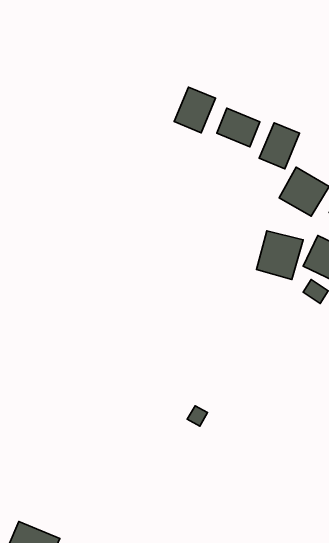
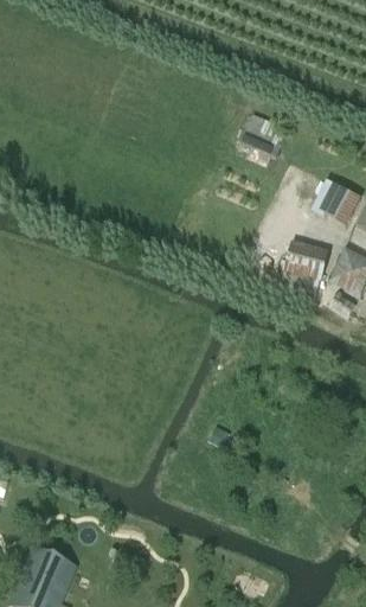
building: [174,87,215,133] -> none
building: [259,123,300,169] -> none

